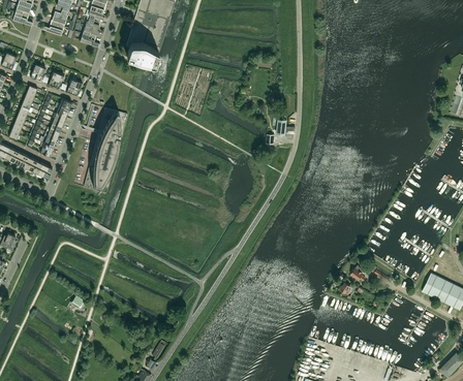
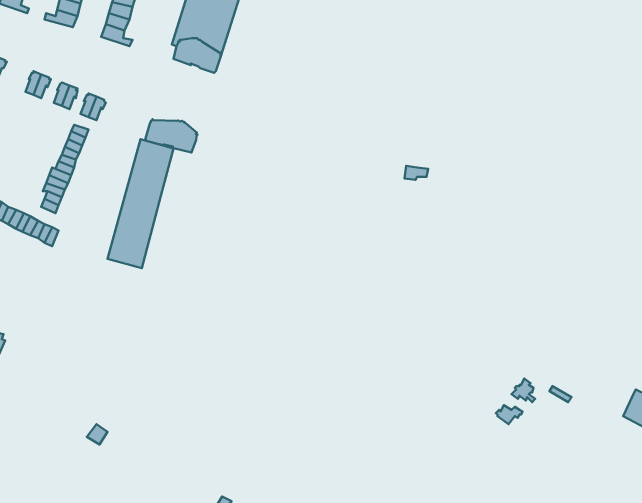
building: none -> [146,119,197,153]

